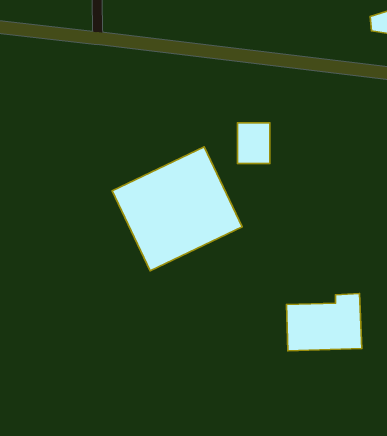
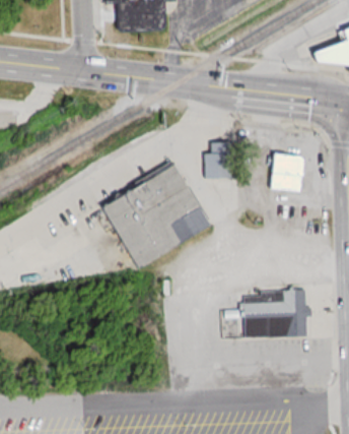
building: none -> [267,152,306,191]

